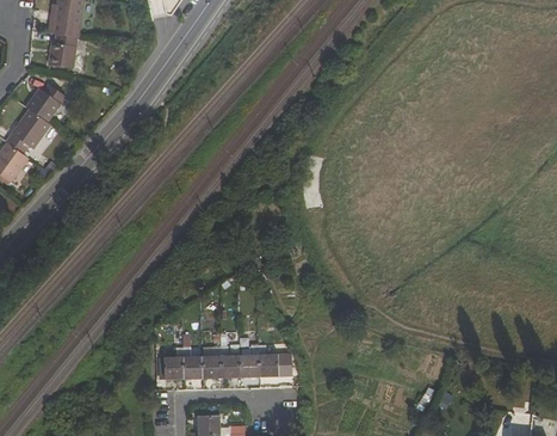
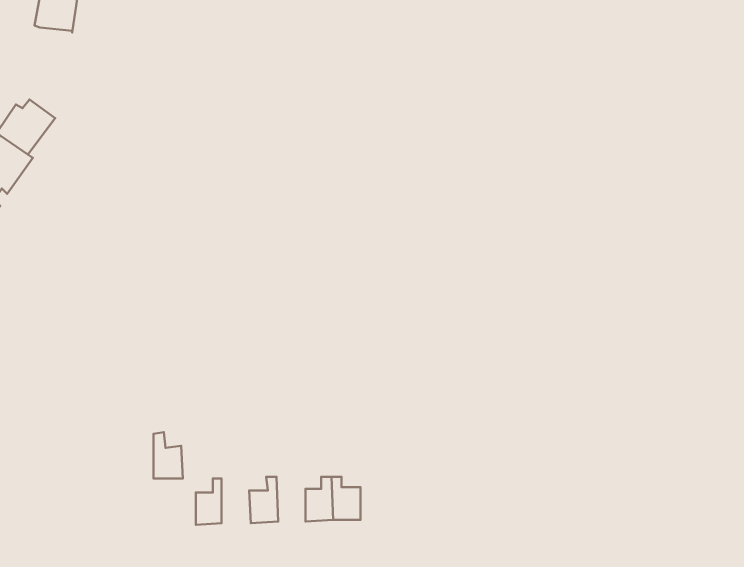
building: [48,33,78,67] -> none
building: [181,346,202,379] -> [154,432,183,479]
building: [219,346,240,377] -> none

